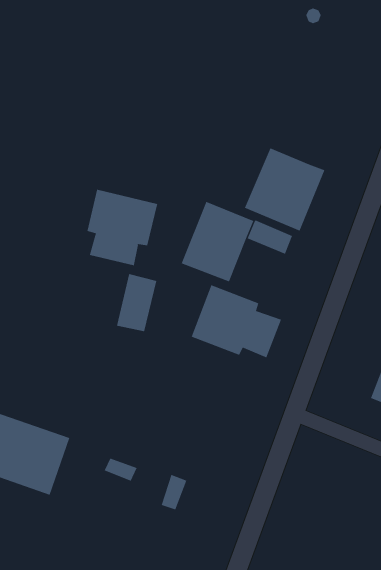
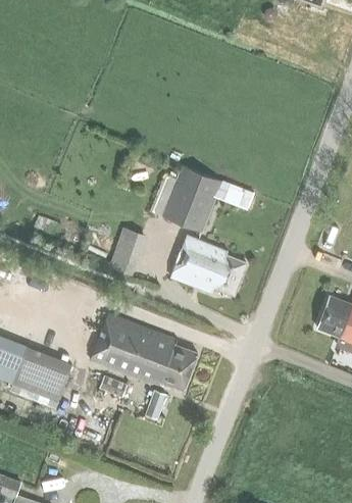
building: [244,147,325,231] -> none
building: [87,189,158,266] -> none
building: none -> [90,313,197,391]

